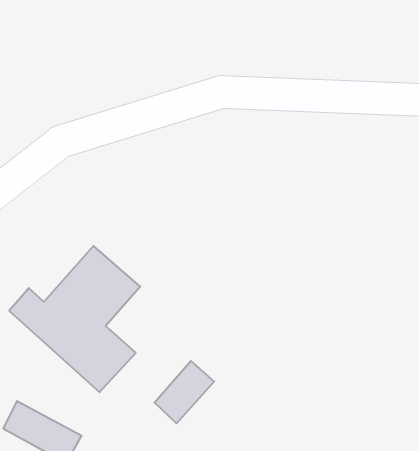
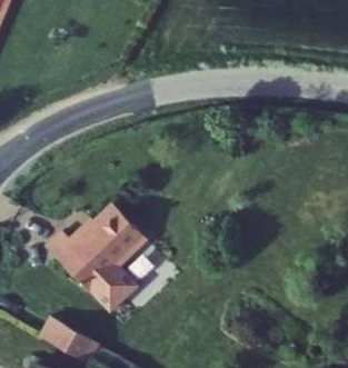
building: [154,361,214,423] -> none

